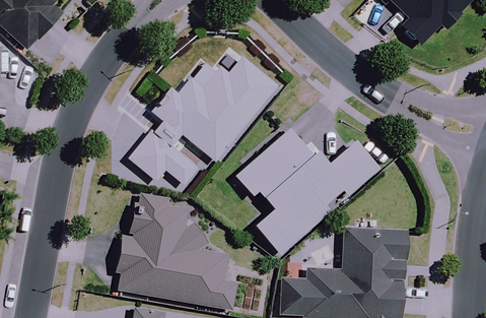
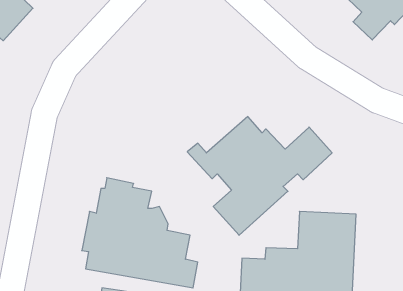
building: [130,56,278,183] -> none

